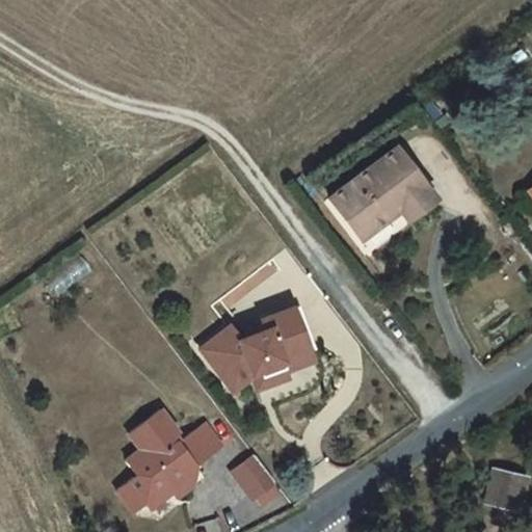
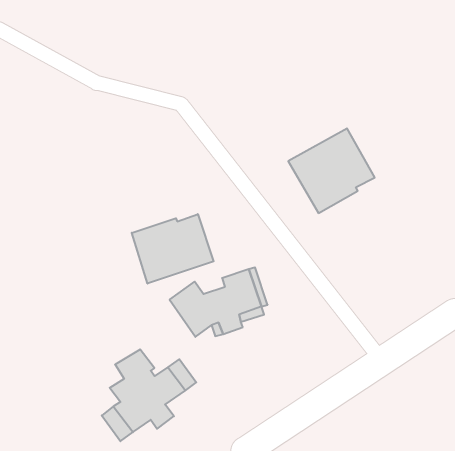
building: none -> [132,214,214,284]
building: [230,451,272,495] -> none
building: [478,463,515,503] -> none

